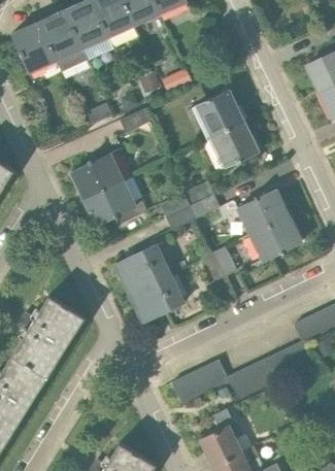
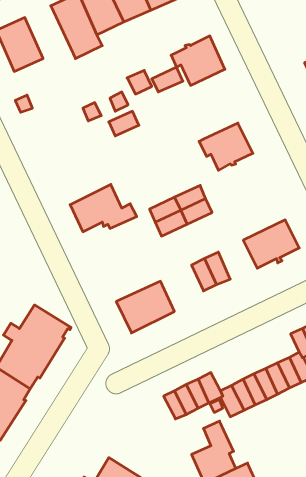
building: [40,9,89,71] -> none
building: [193,90,244,137] -> [171,36,225,85]
building: [71,154,123,200] -> none
building: [237,189,290,234] -> none
building: [114,244,170,293] -> none

